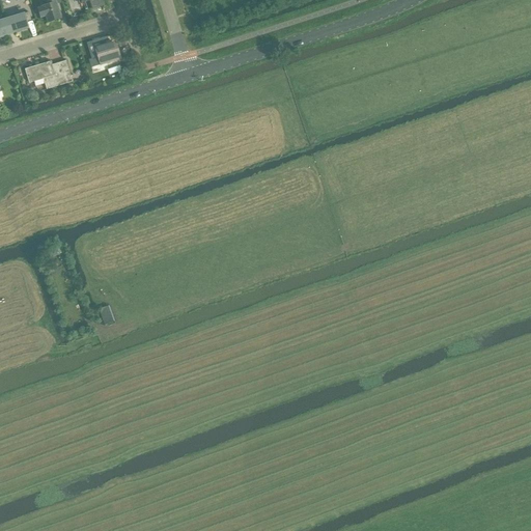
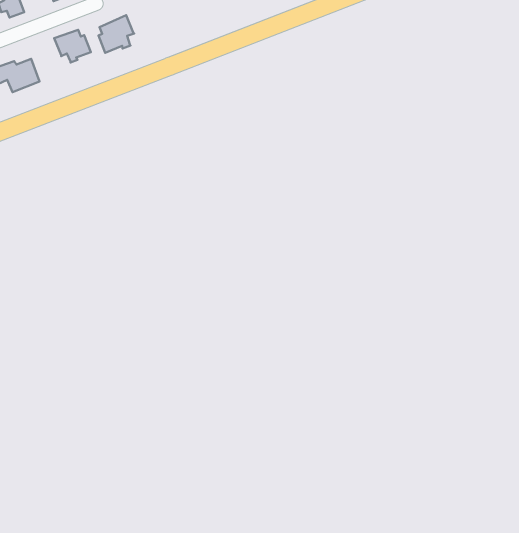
building: none -> [98,15,134,53]

